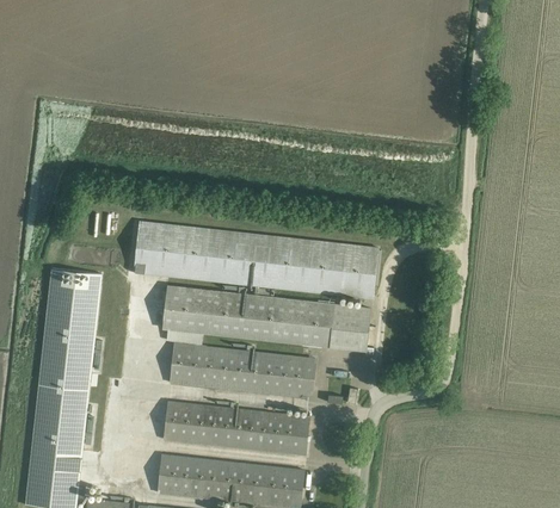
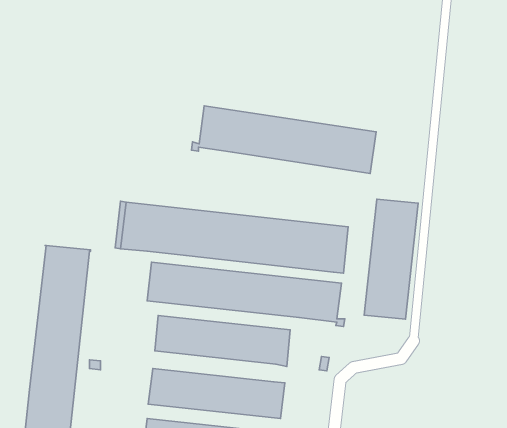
building: none -> [191,106,376,173]
building: none -> [364,199,418,319]

